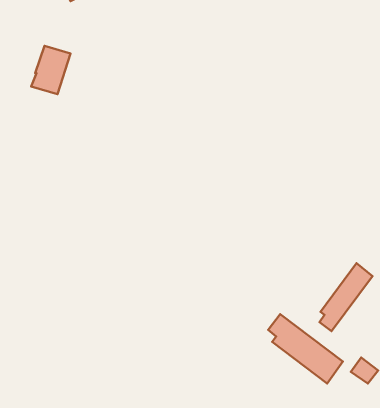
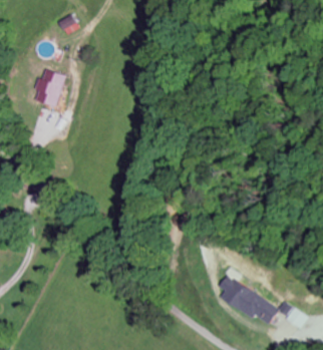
building: [320,263,373,331] -> none

